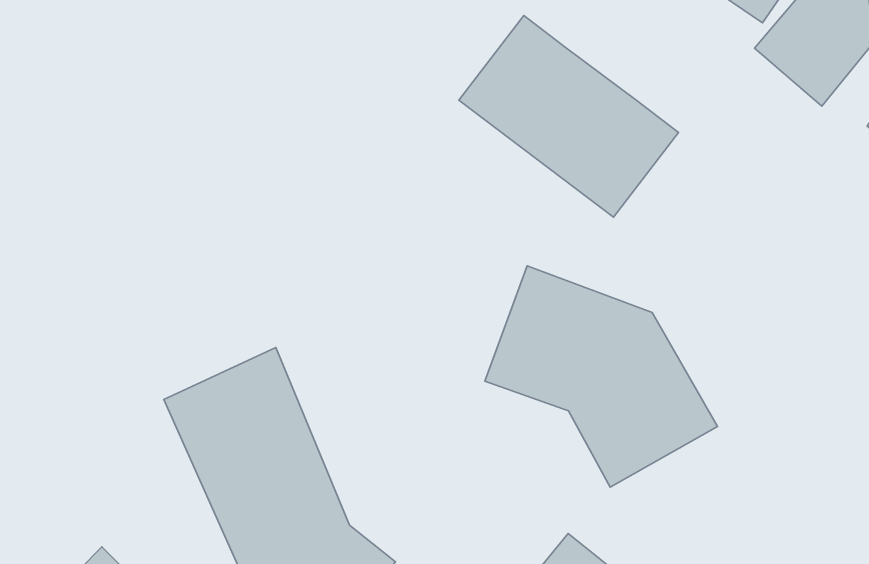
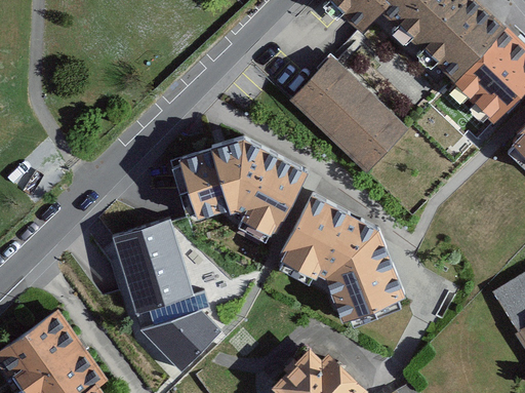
building: none -> [176,139,306,232]

